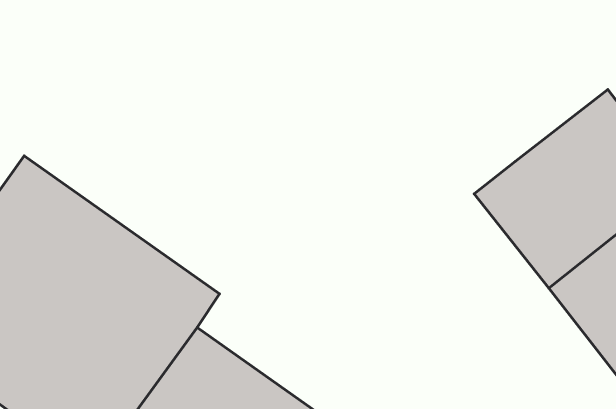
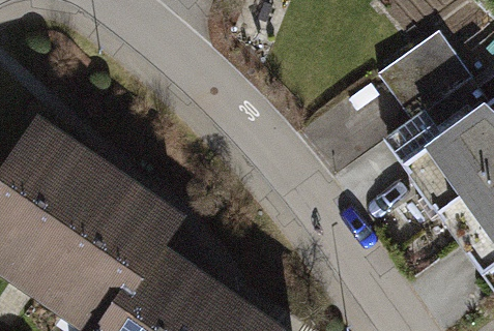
building: none -> [375,26,476,122]

